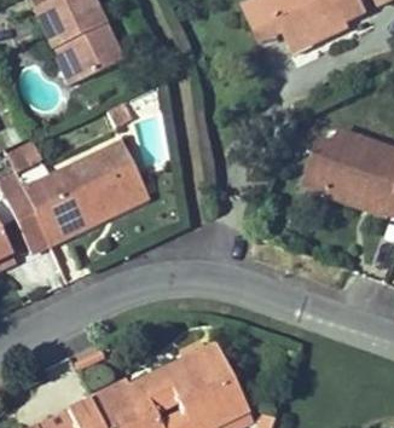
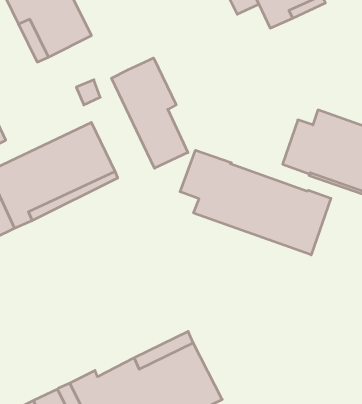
building: none -> [112,58,188,168]
building: none -> [180,150,331,255]

